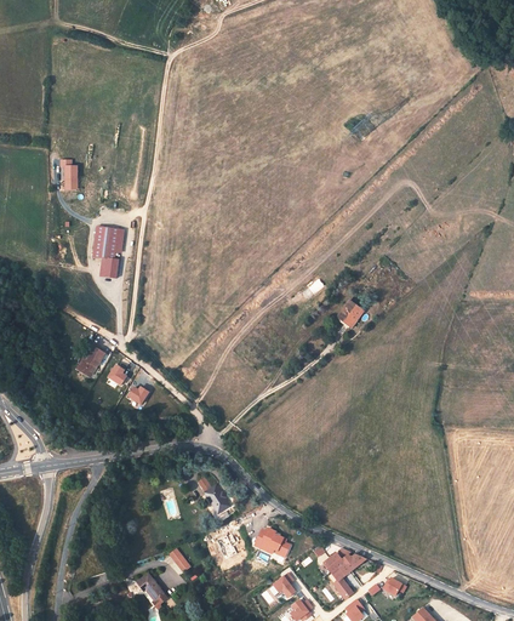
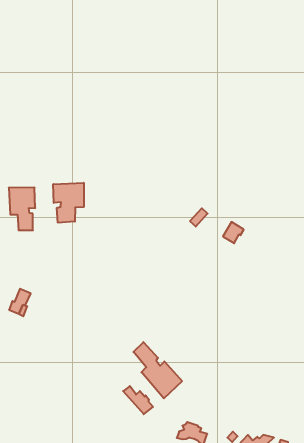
building: none -> [53,183,84,223]
building: none -> [133,342,182,398]

